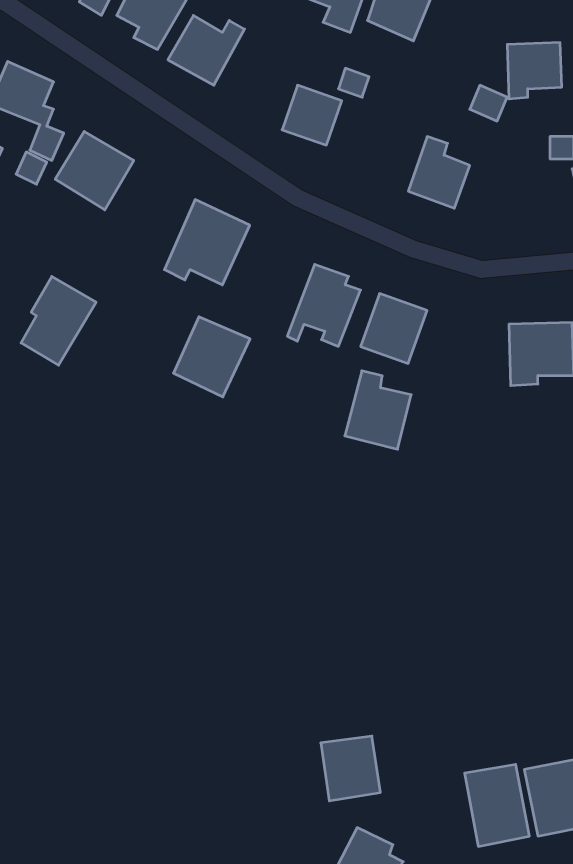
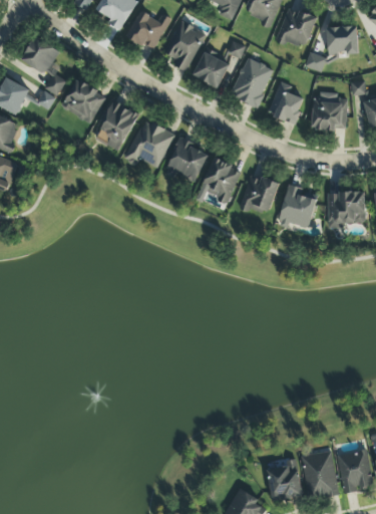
building: none -> [276,6,317,50]
building: none -> [163,20,206,71]
building: none -> [230,57,273,107]
building: none -> [313,91,347,130]
building: [21,276,96,365] -> [95,99,139,152]
building: [173,317,250,397] -> [164,140,210,187]
building: [345,371,411,449] -> [278,184,317,230]
building: [321,736,380,801] -> [267,463,302,501]

